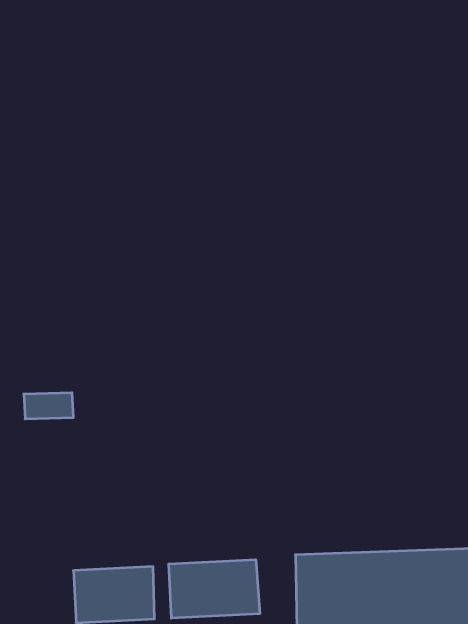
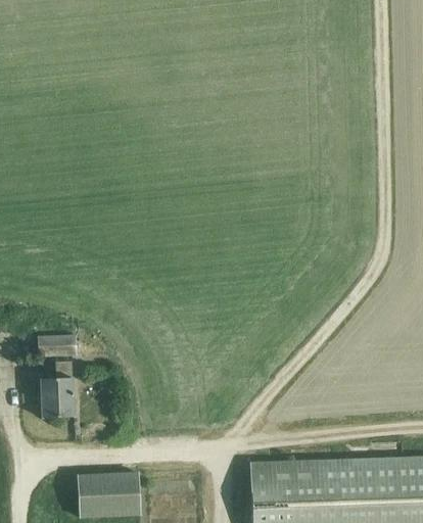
building: none -> [41,362,75,417]
building: [169,560,260,618] -> none

